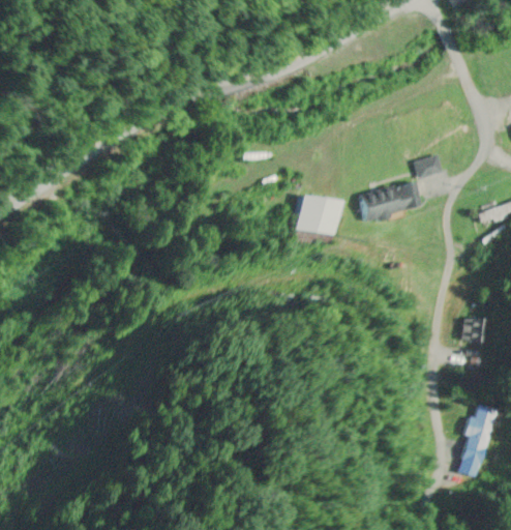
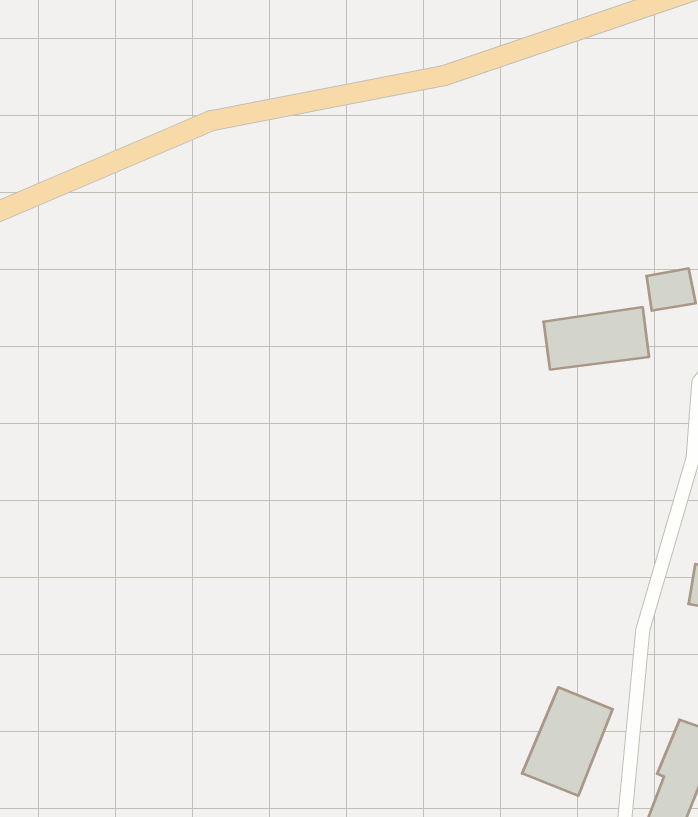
building: [294,196,339,234] -> none
building: none -> [522,687,613,796]

